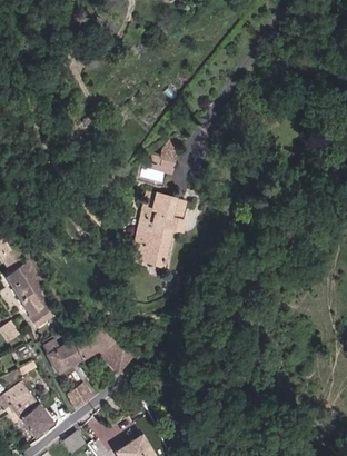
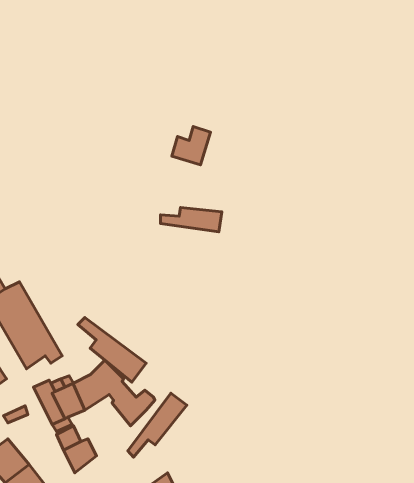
building: [133,217,186,258] -> none
building: none -> [78,317,146,382]
building: none -> [128,393,187,457]

